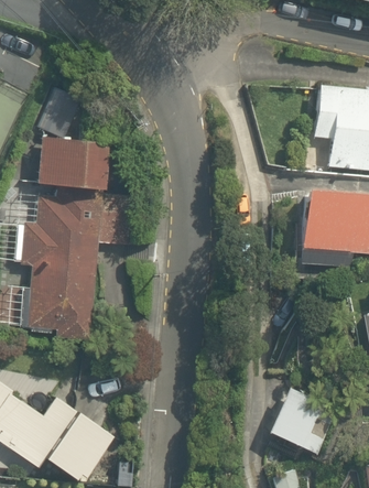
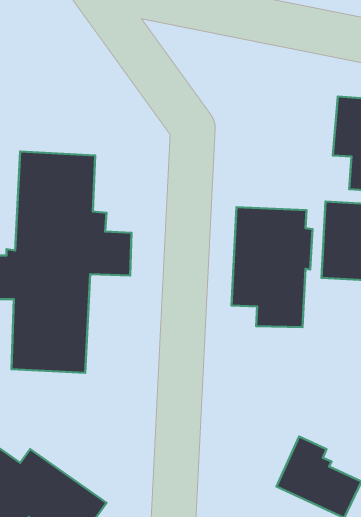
building: none -> [232,207,312,327]

